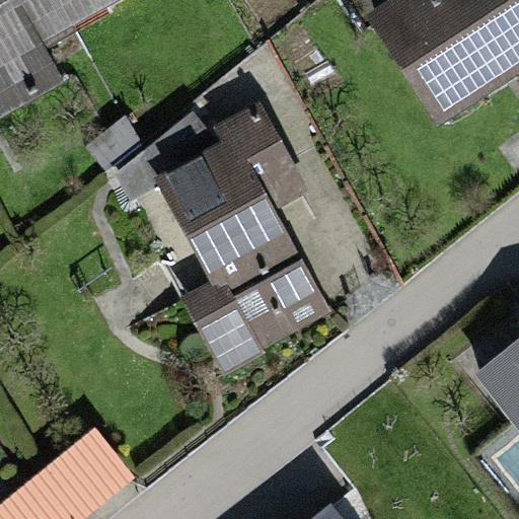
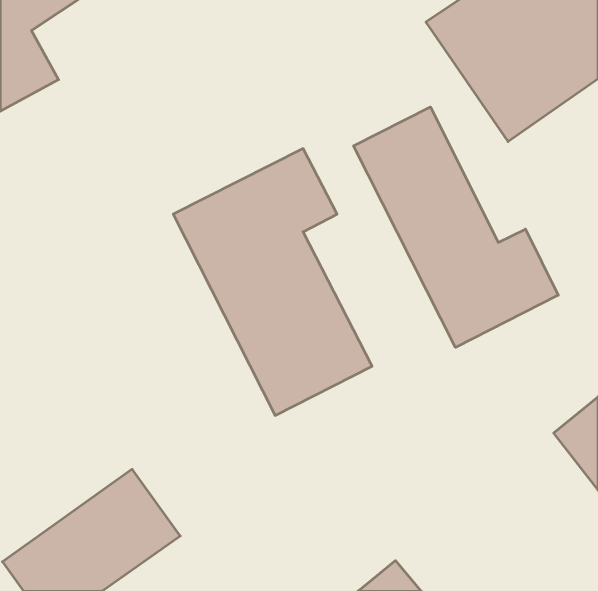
building: none -> [354,107,558,347]

